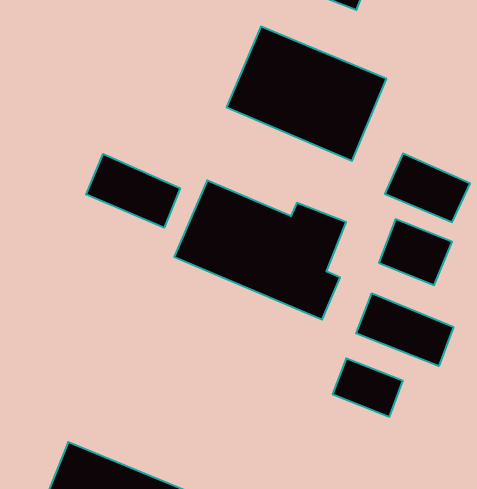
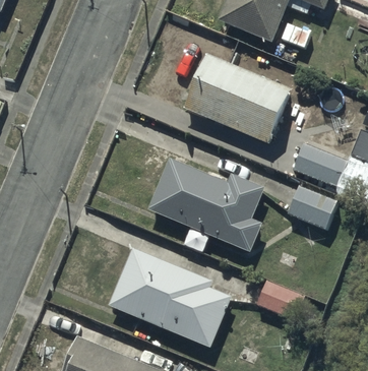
building: [86,154,180,228] -> none
building: [356,293,453,366] -> none
building: none -> [107,247,230,349]

